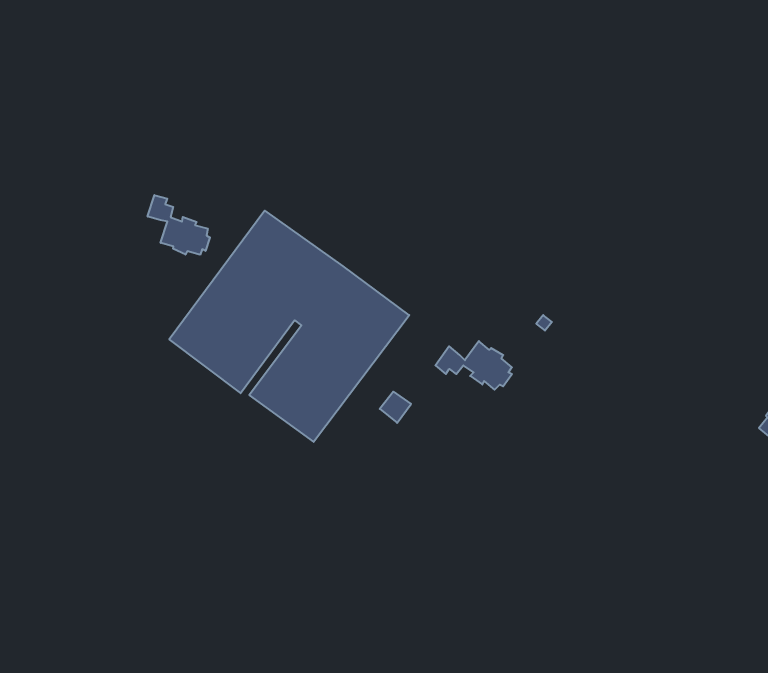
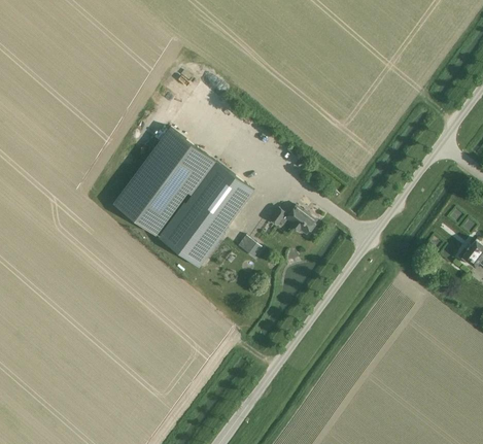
building: [148,195,210,255] -> none

